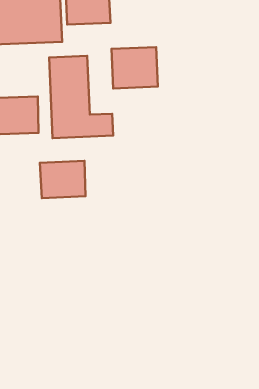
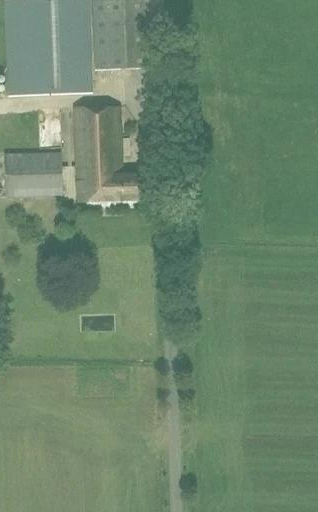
building: [112,47,158,89] -> none
building: [40,161,85,198] -> none

